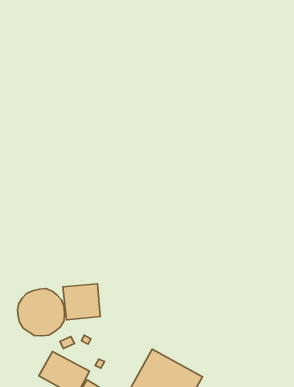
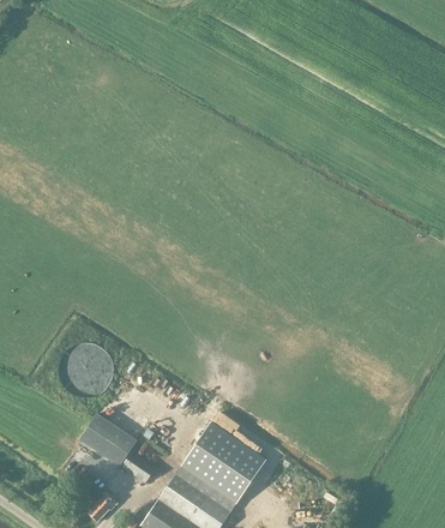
building: [63,284,100,320] -> none

